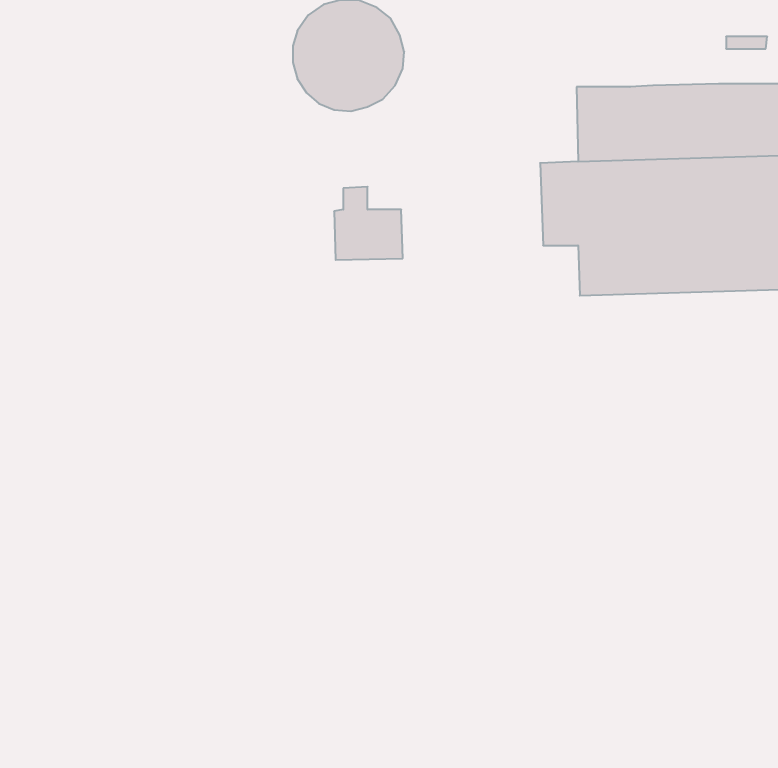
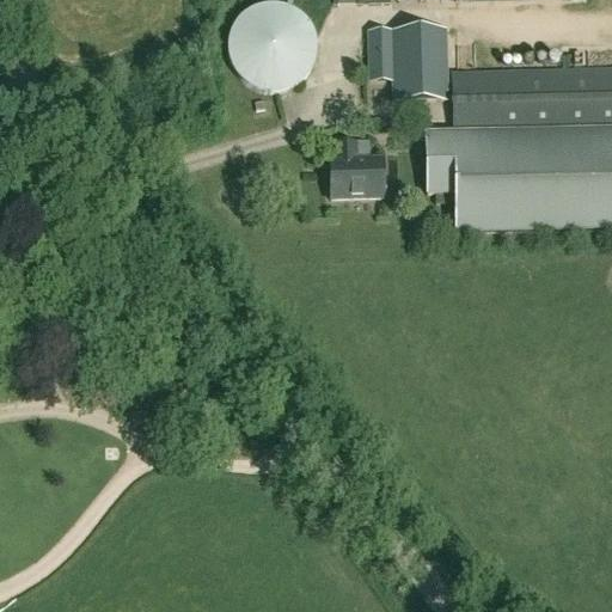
building: none -> [369,26,448,98]
building: [334,187,403,260] -> [330,139,384,196]

